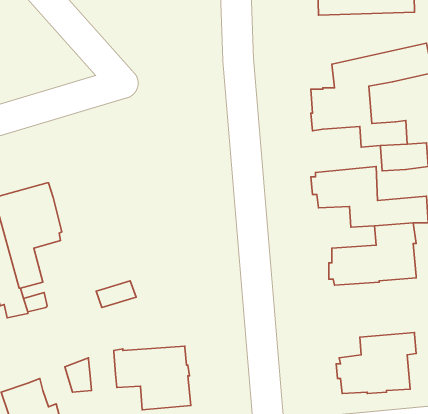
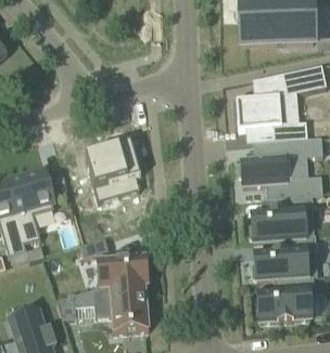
building: none -> [86,142,140,201]
building: none -> [252,235,317,282]
building: none -> [97,258,148,289]

